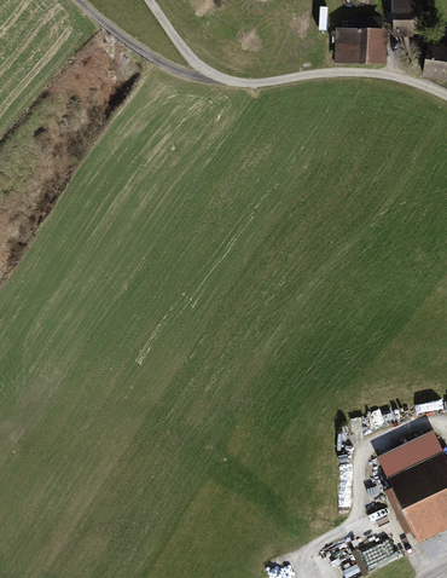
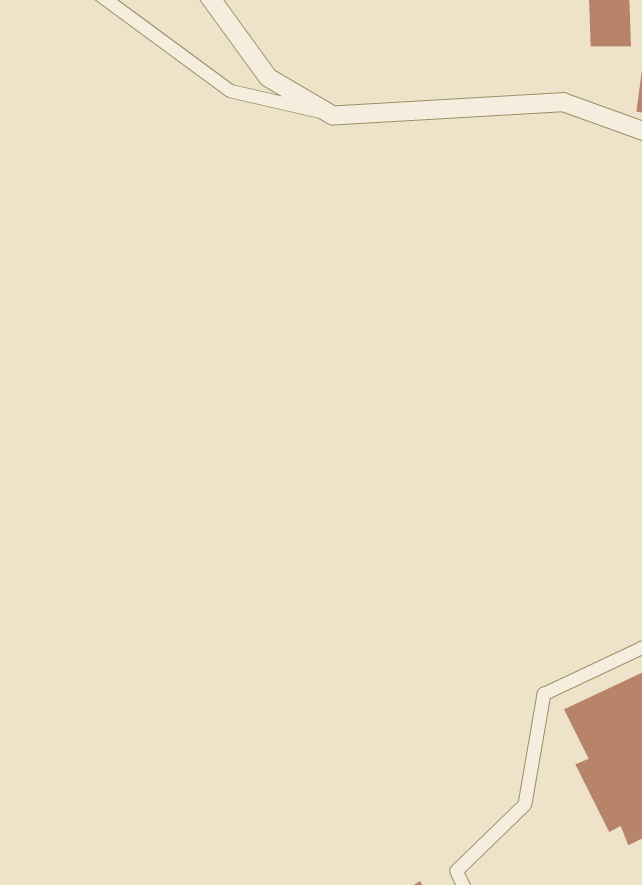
building: [335,15,388,64] -> none

